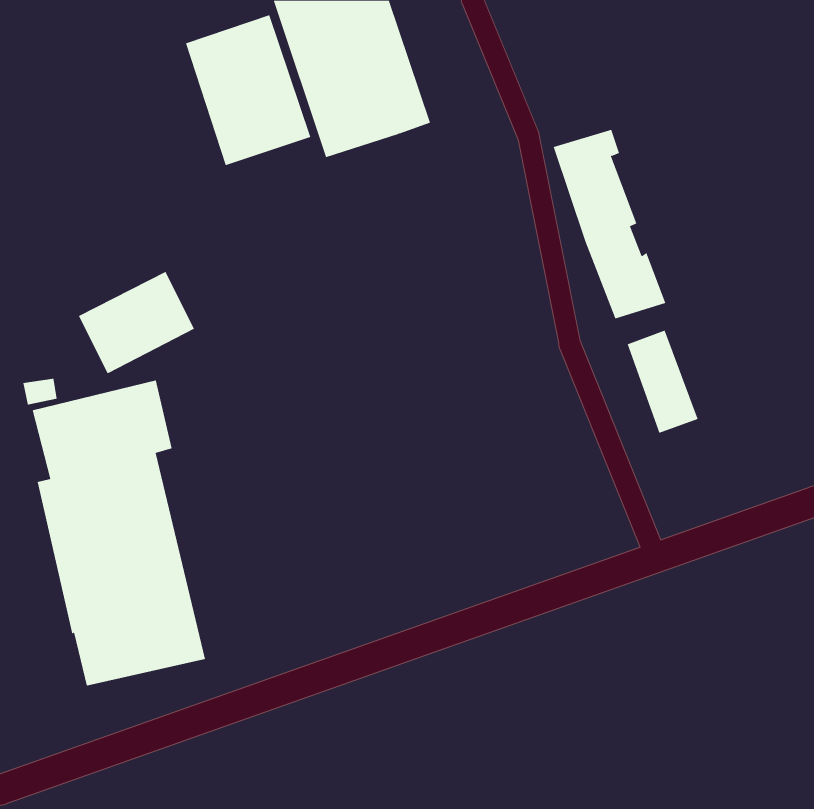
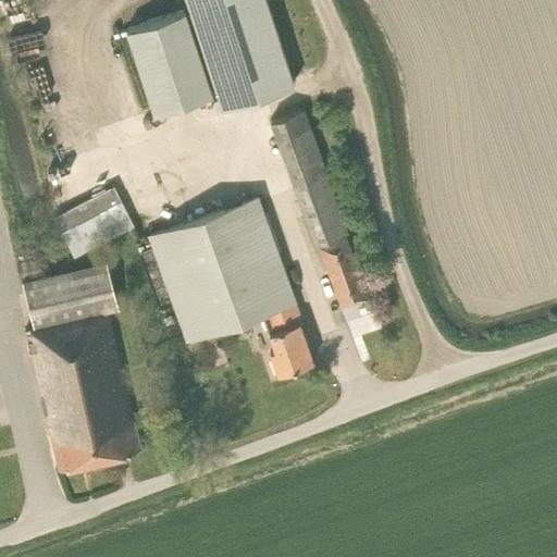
building: [553,129,666,319] -> [271,112,348,242]
building: none -> [149,199,313,377]
building: [627,330,699,434] -> [320,240,369,311]

